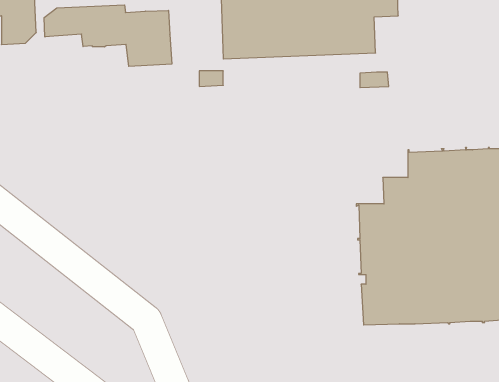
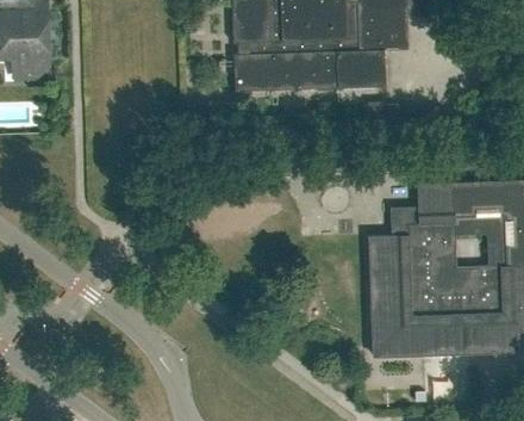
building: [44,5,172,66] -> none

